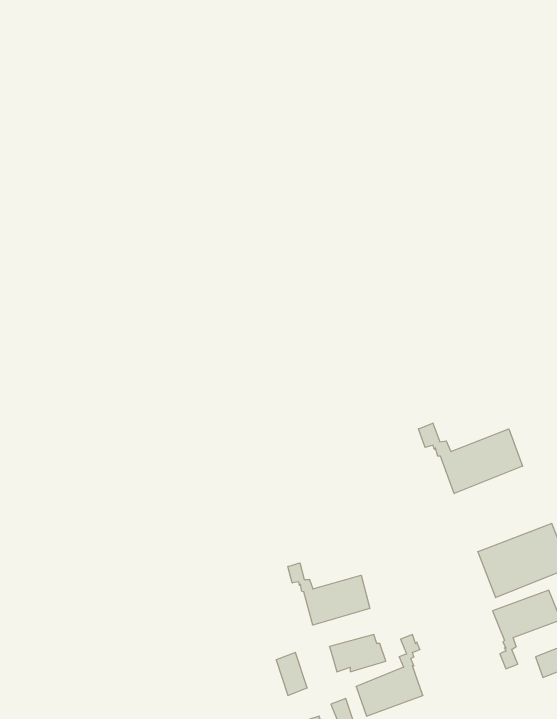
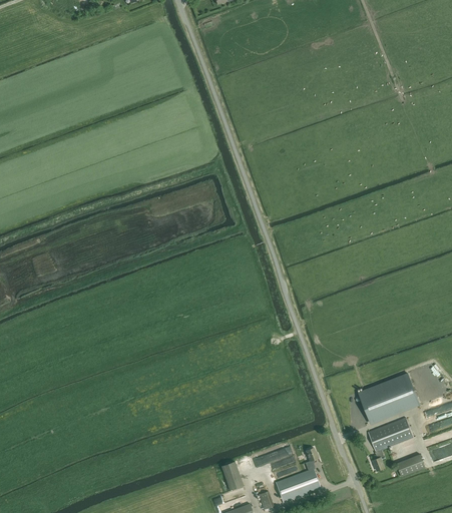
building: [418,423,523,494] -> none
building: [288,563,370,625] -> none

